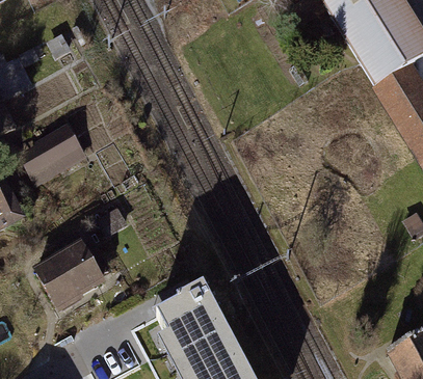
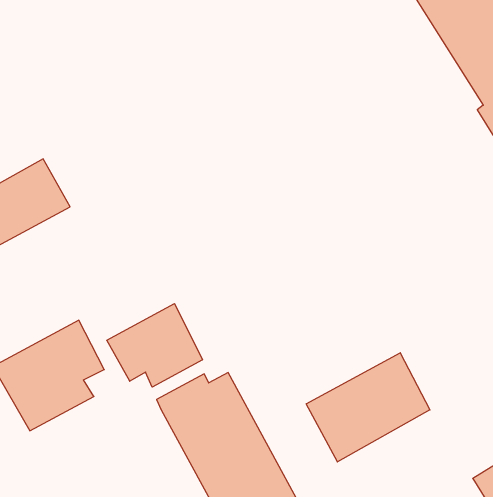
building: none -> [107,304,202,387]
building: none -> [306,353,430,462]

